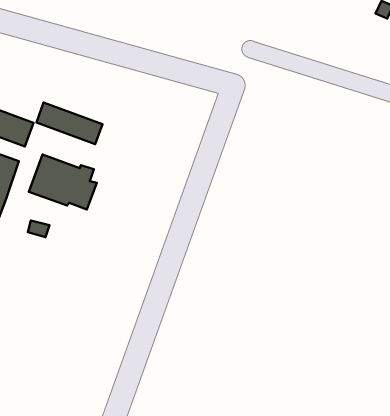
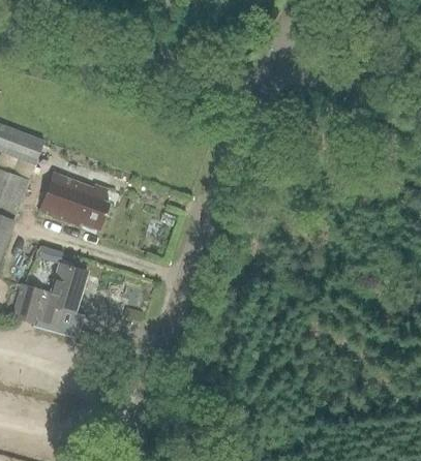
building: [36,102,102,144] -> none
building: none -> [12,264,87,326]

